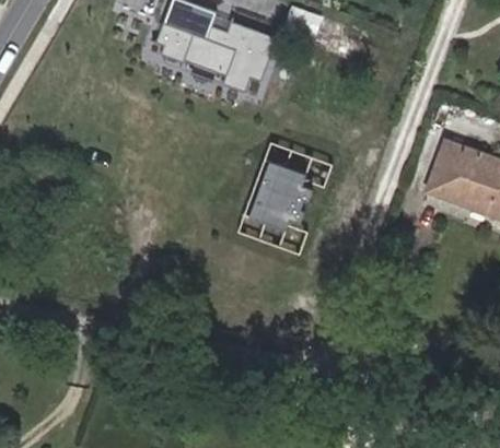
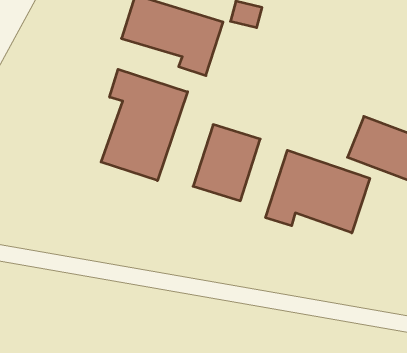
building: none -> [101,69,188,181]
building: none -> [266,150,370,233]

